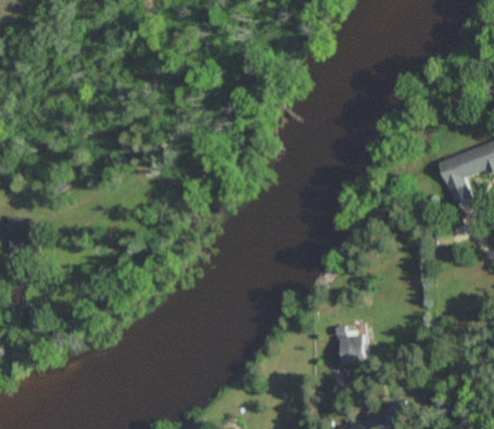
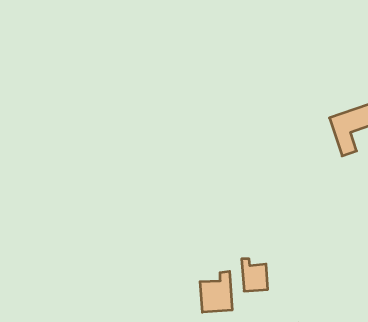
building: none -> [200,271,232,312]

